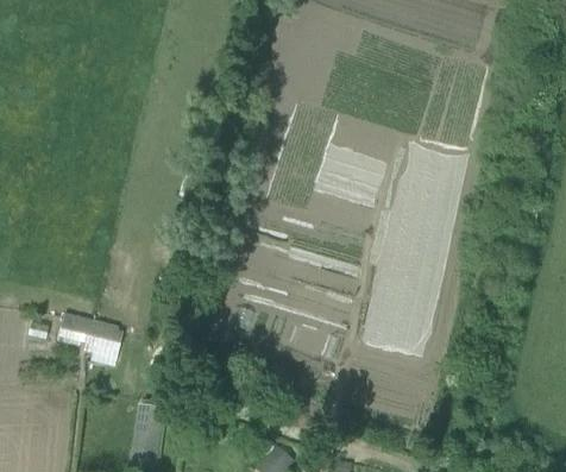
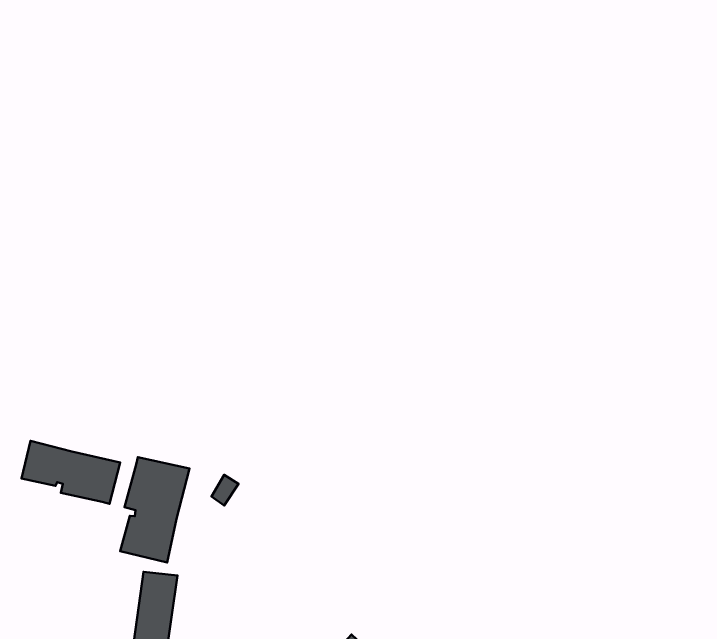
building: none -> [120,457,190,562]

